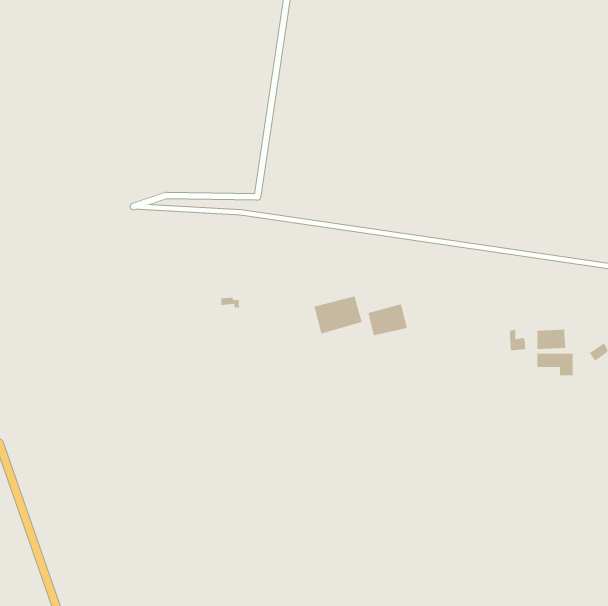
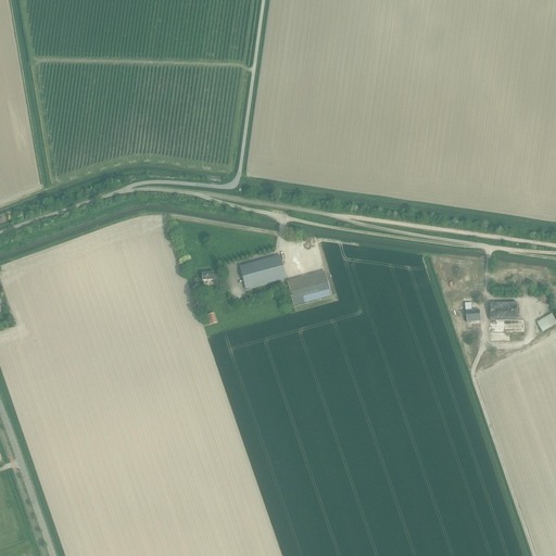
building: none -> [239,253,286,287]
building: [368,304,408,336] -> none

